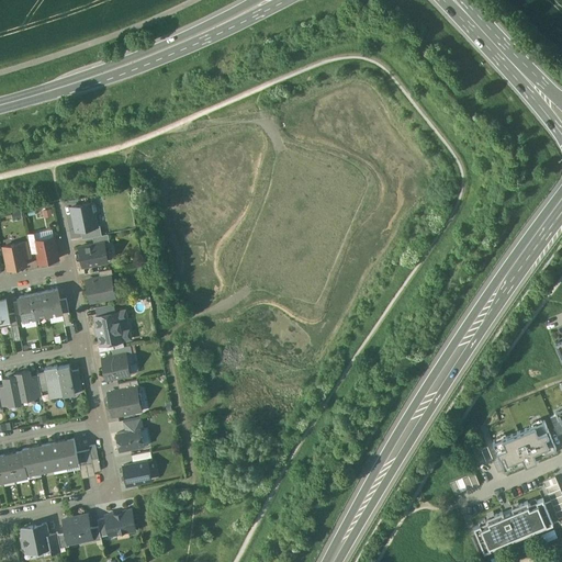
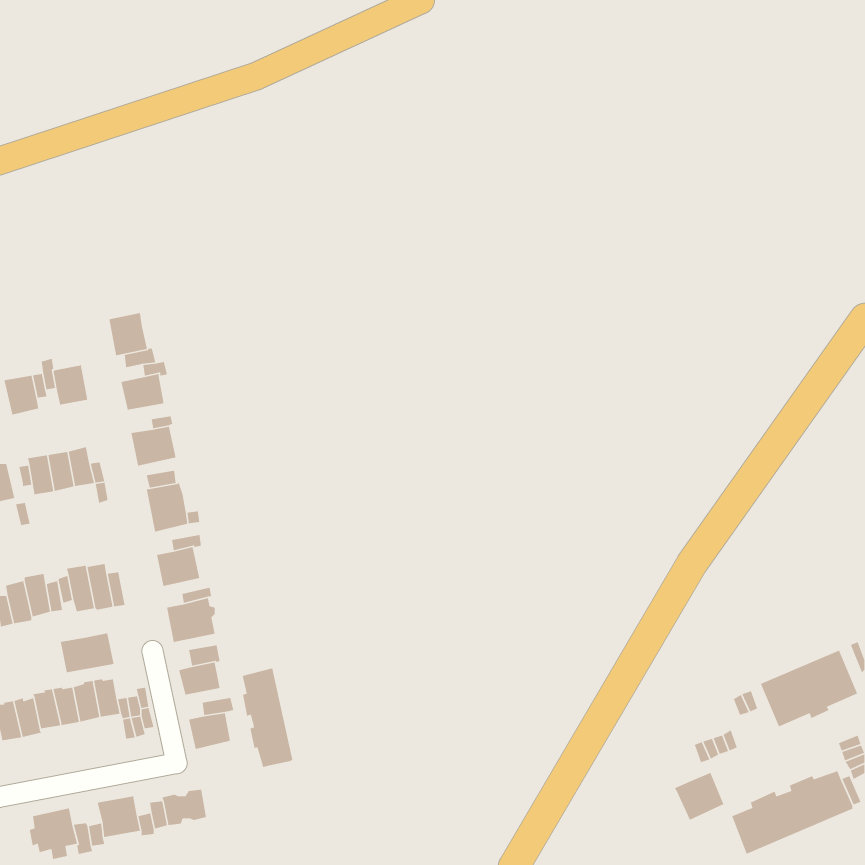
building: none -> [60,633,114,673]
building: none -> [242,668,293,768]
building: none -> [674,772,724,821]

